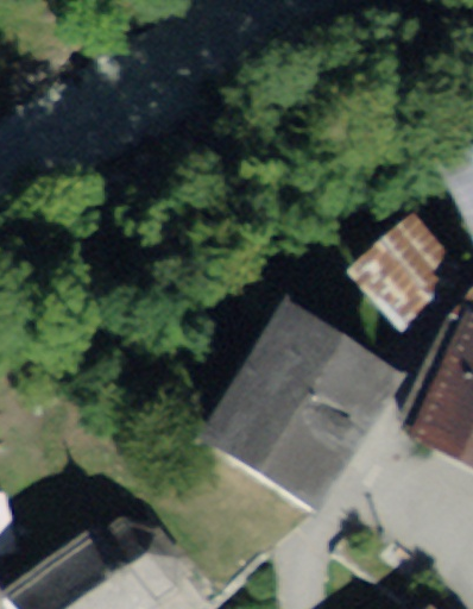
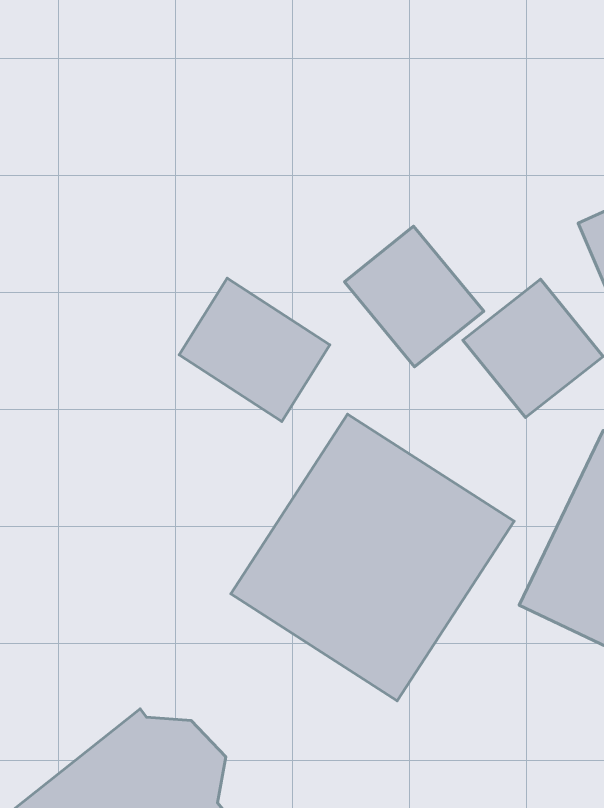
building: none -> [344,226,484,367]
building: none -> [179,278,330,422]

